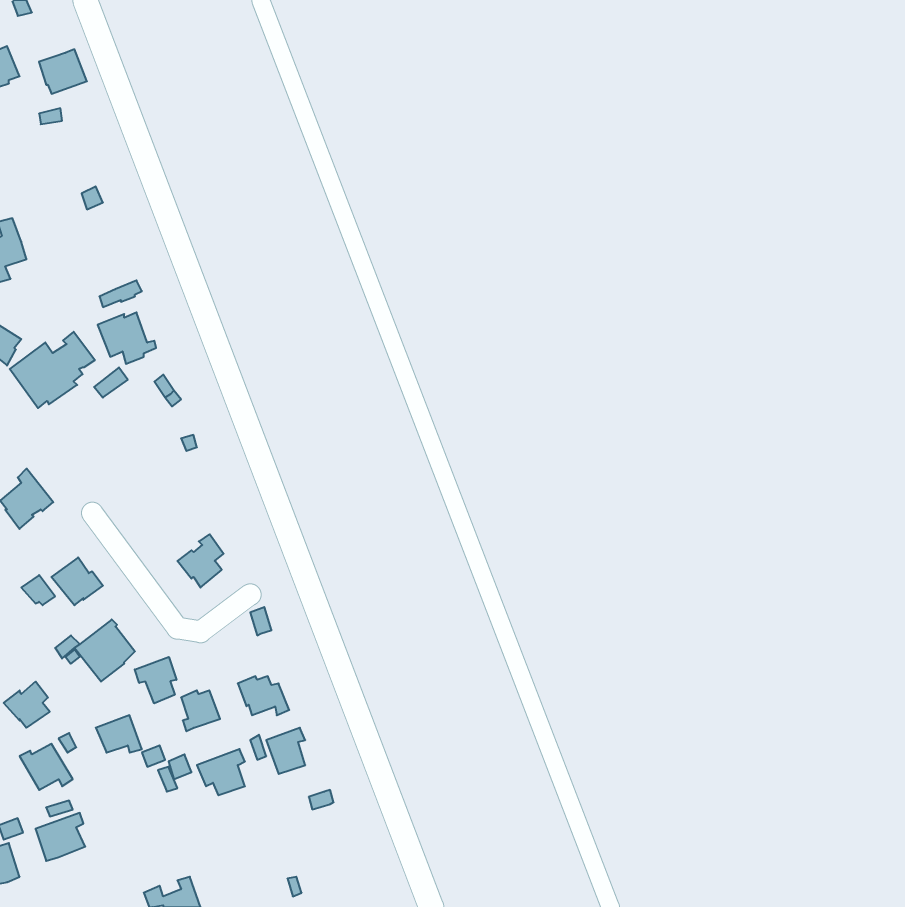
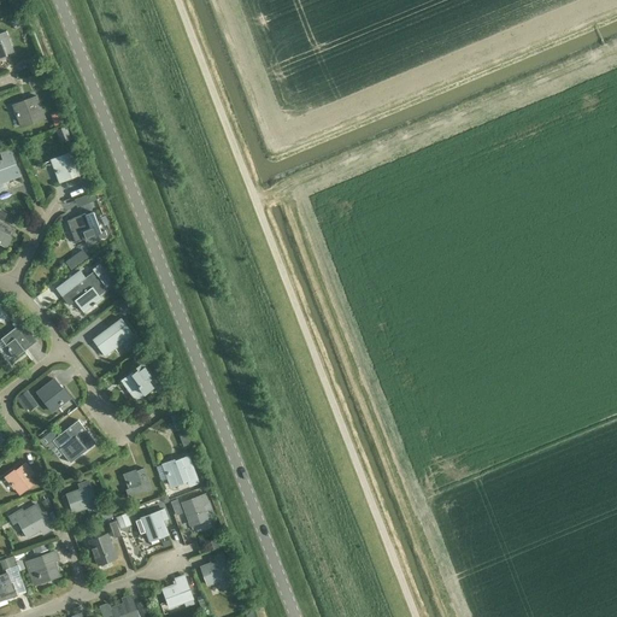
building: [39,49,87,94] -> [12,96,45,127]
building: none -> [52,153,81,184]
building: [10,332,95,408] -> [55,263,113,315]
building: none -> [92,318,134,355]
building: [135,657,176,703] -> none
building: none -> [87,533,116,565]
building: none -> [200,553,231,588]
building: none -> [161,576,190,607]

